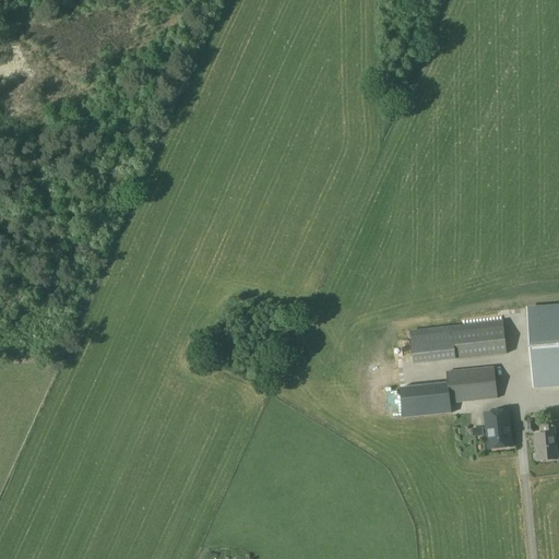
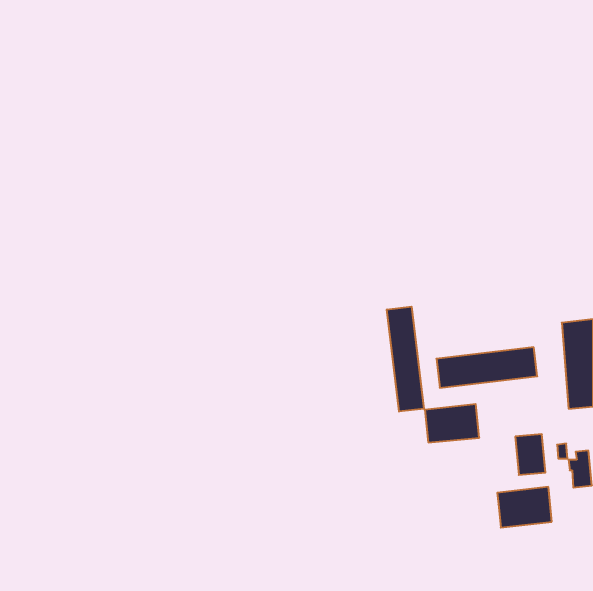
building: none -> [387,307,424,412]
building: [447,364,498,402] -> [497,487,552,528]

